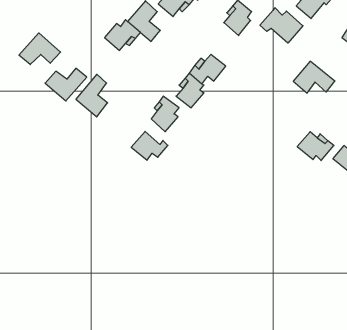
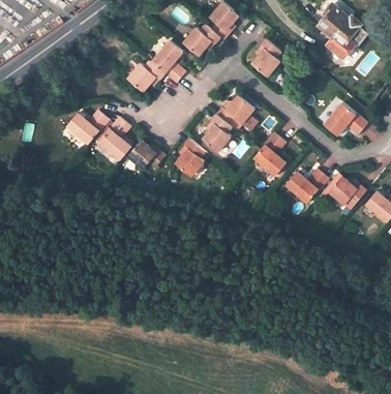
building: [260,8,303,43] -> none
building: [19,33,61,65] -> none
building: none -> [252,131,285,176]
building: none -> [285,169,327,203]
building: [131,131,168,160] -> [126,140,164,170]

